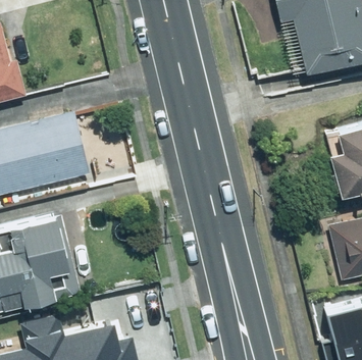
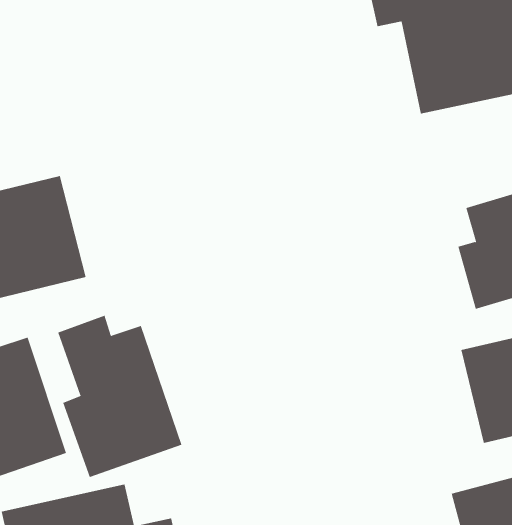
building: none -> [57,315,182,478]

